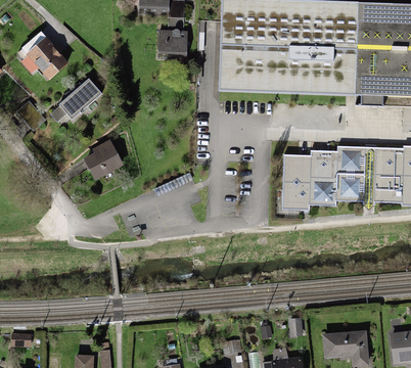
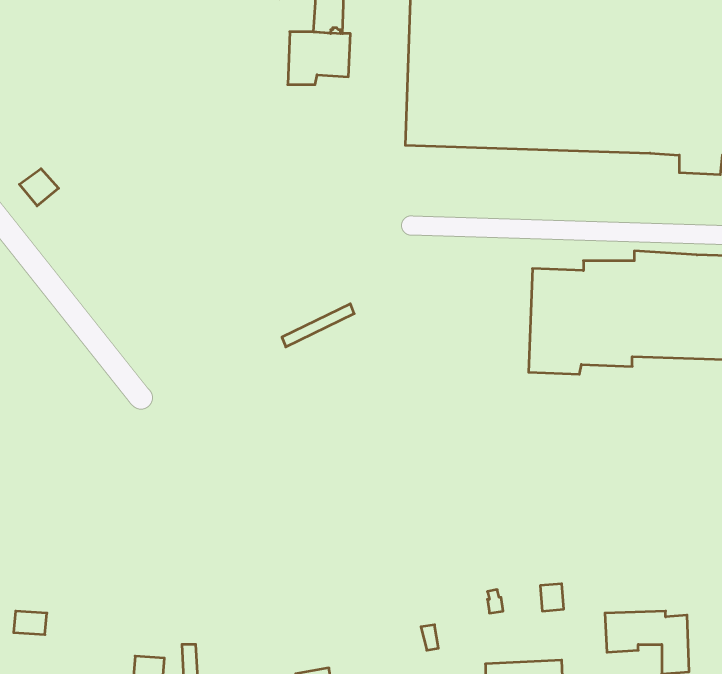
building: [17,33,67,80] -> none
building: [56,79,99,120] -> none
building: [85,141,121,178] -> none

